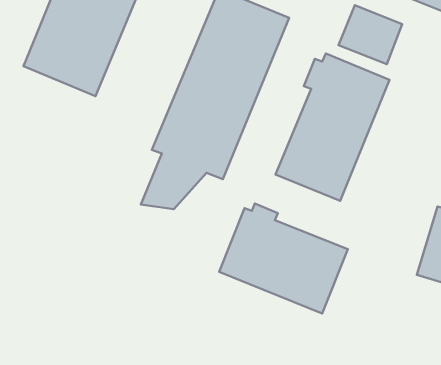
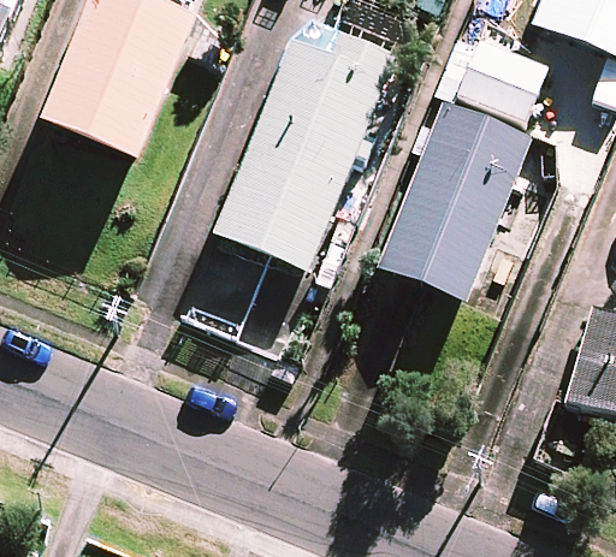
building: [219,204,348,314] -> none

